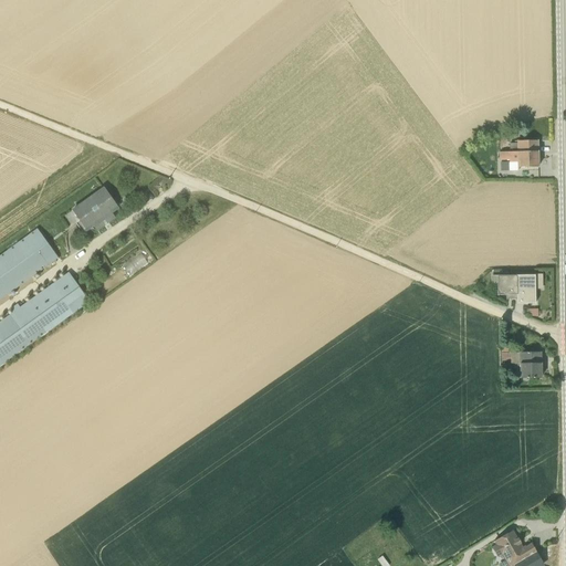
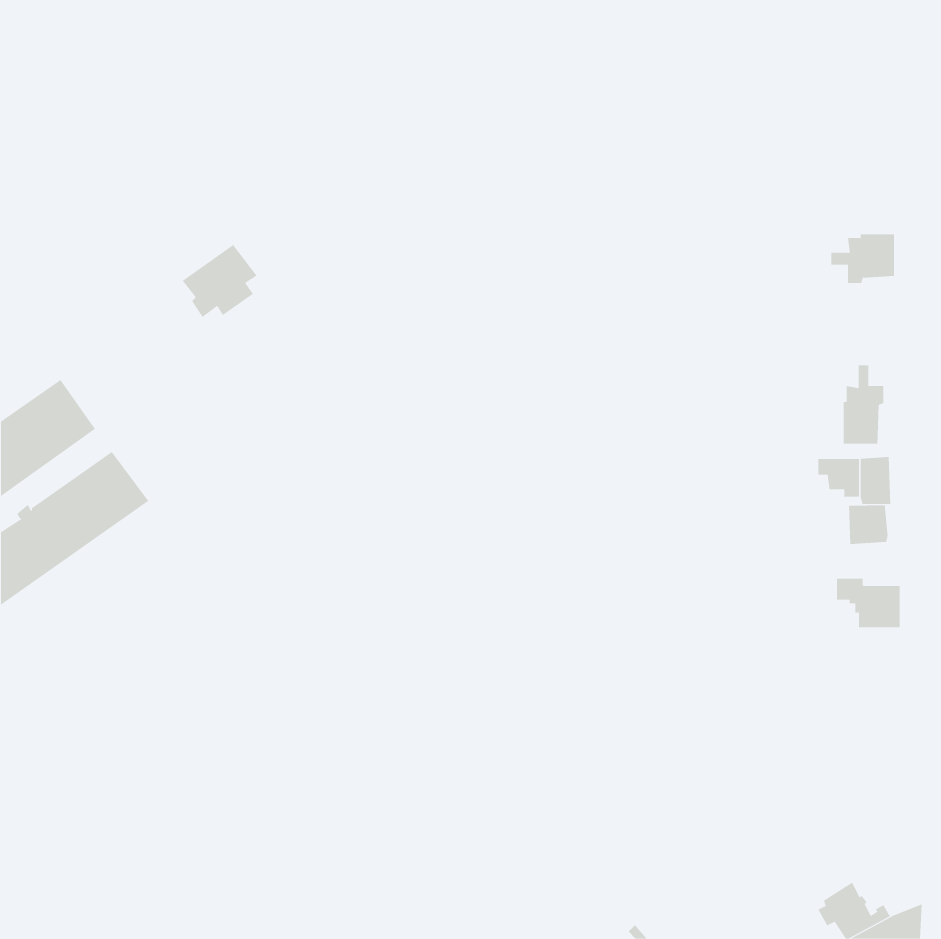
building: [72,188,117,232] -> [182,244,257,318]
building: none -> [843,365,884,444]
building: none -> [848,504,888,545]

